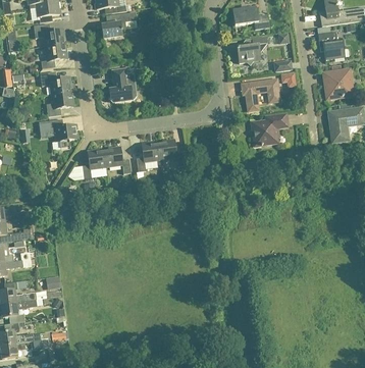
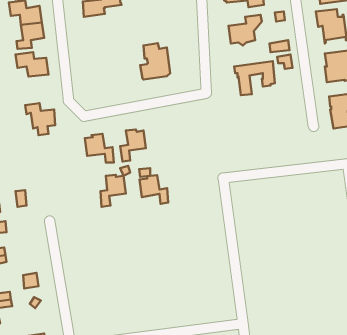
building: [108,67,136,101] -> [140,43,170,80]
building: [45,91,71,115] -> none
building: [251,113,286,145] -> none
building: [157,139,184,165] -> [140,175,168,204]
building: [82,149,105,178] -> [100,175,126,207]

